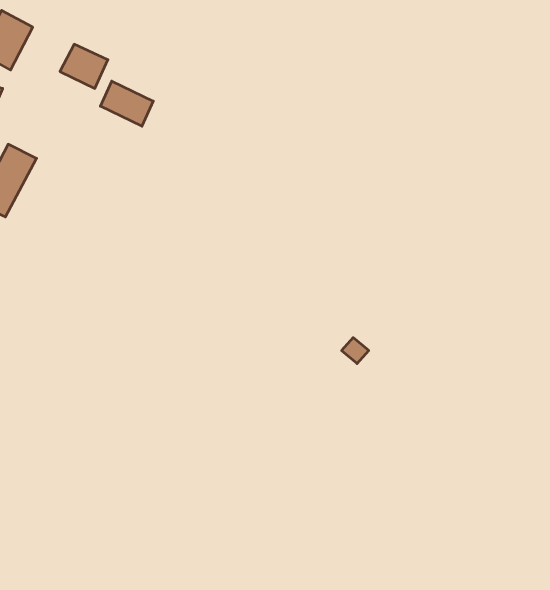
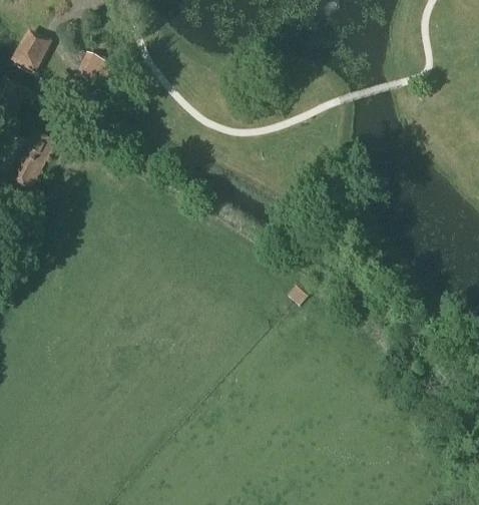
building: [100,81,153,126] -> none

